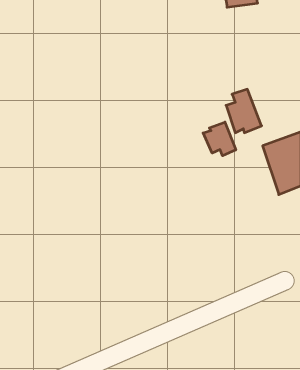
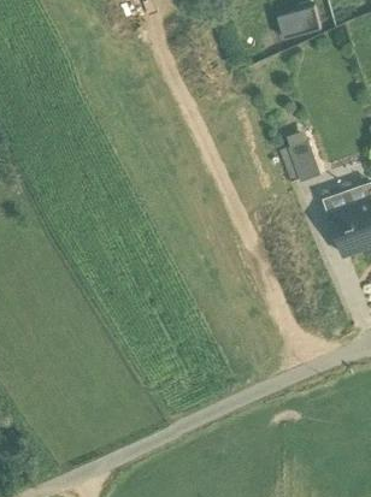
building: [203,122,236,156] -> none

